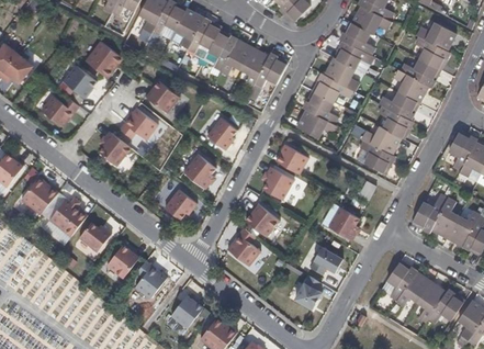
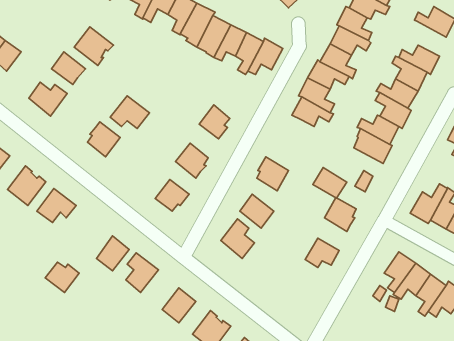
building: [415,35,449,69] -> none
building: [145,80,179,113] -> none
building: [275,143,308,172] -> [313,168,347,198]
building: [78,222,111,251] -> [45,262,79,293]
building: [294,275,322,308] -> none

